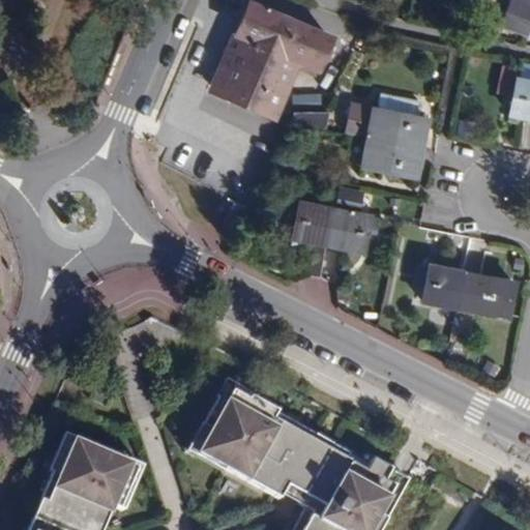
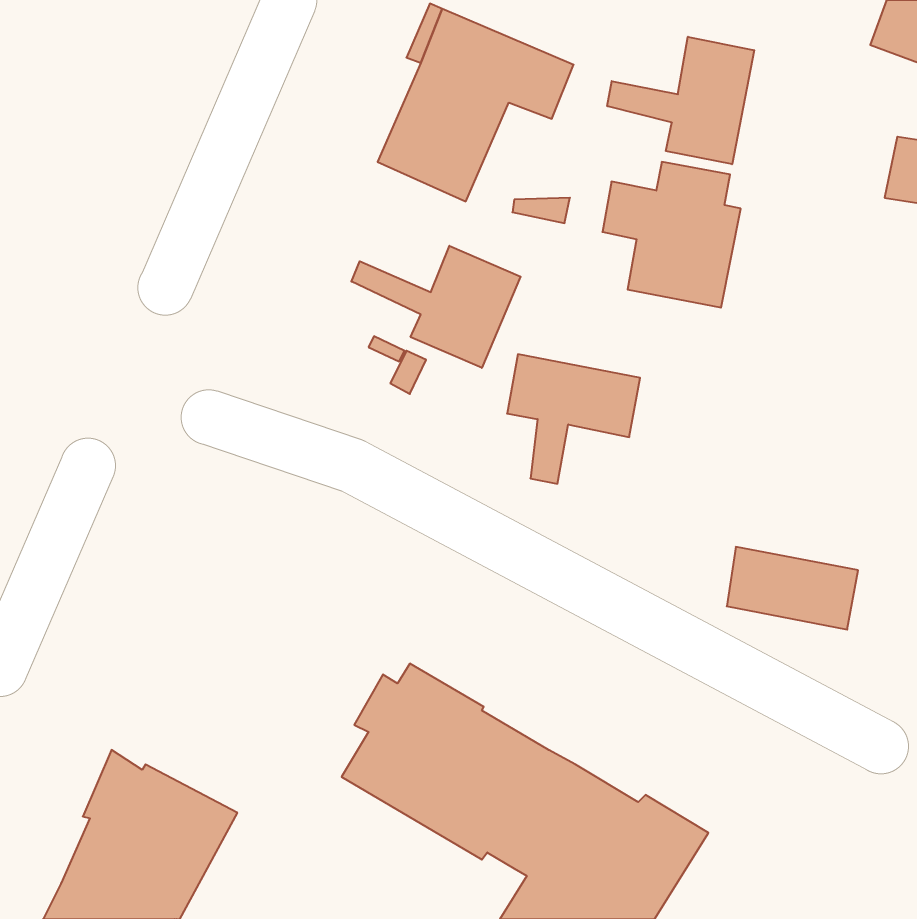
building: none -> [607,37,754,164]
building: none -> [351,246,521,368]
building: [439,270,514,318] -> [727,547,858,630]

